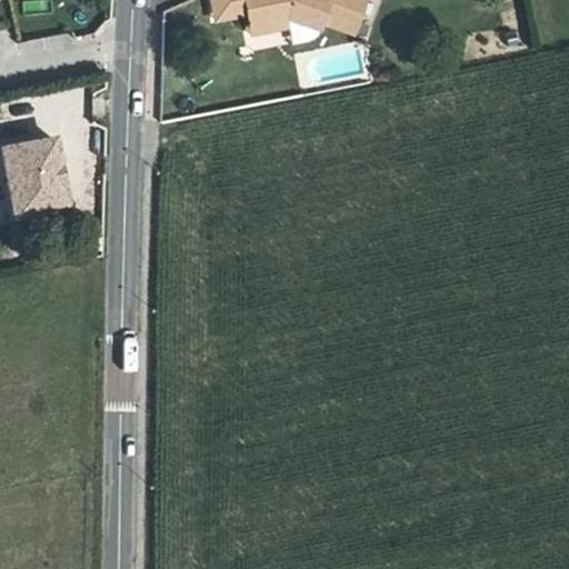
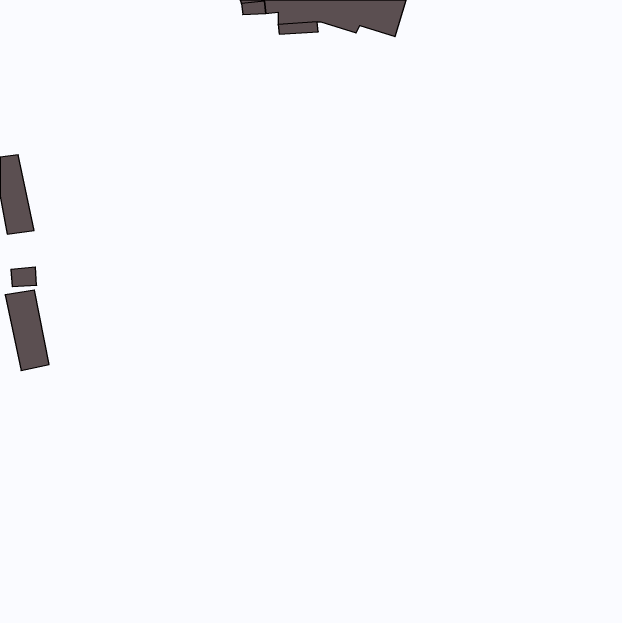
building: [18,137,58,210] -> [5,290,49,371]

